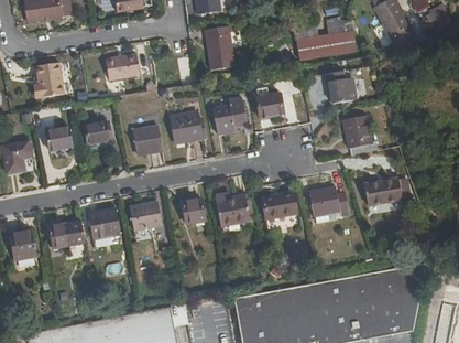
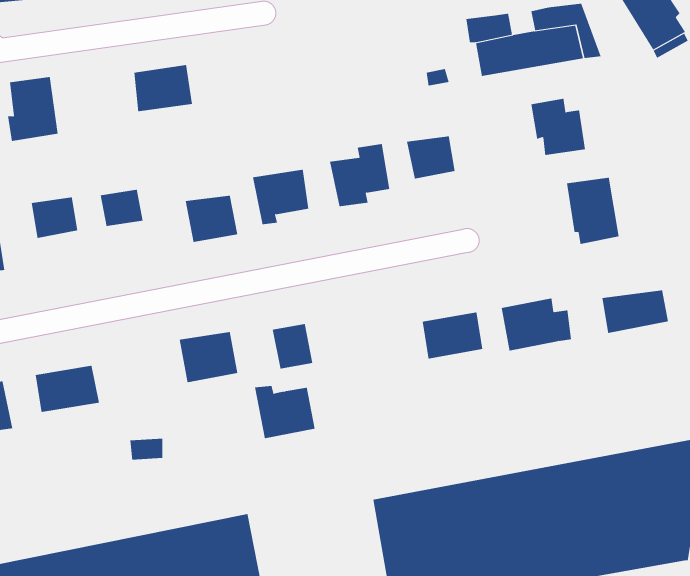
building: [204,26,232,69] -> none
building: [215,195,249,225] -> [254,385,315,439]
building: [88,211,120,240] -> none

